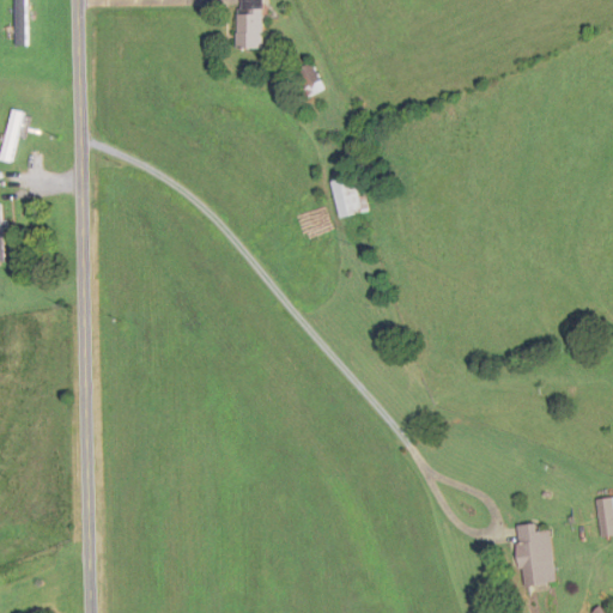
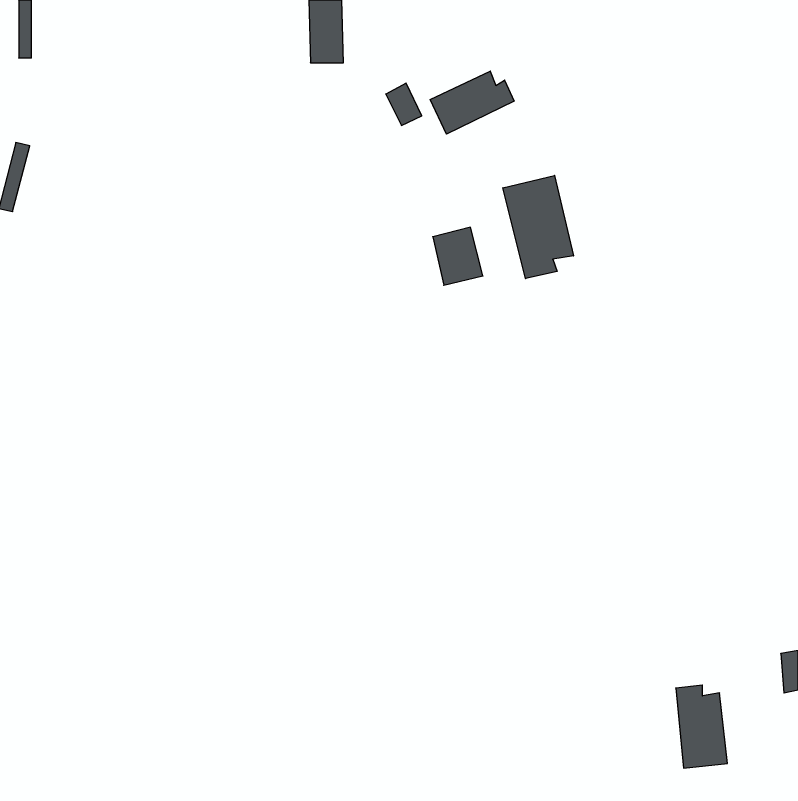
building: none -> [430,71,514,134]
building: none -> [503,175,573,279]

